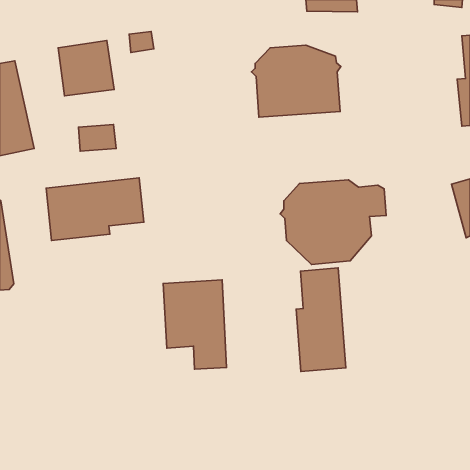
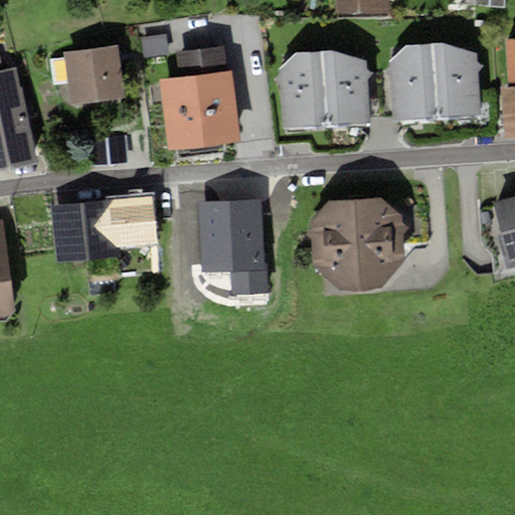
building: none -> [384,42,483,121]
building: none -> [157,45,240,151]
building: [296,268,346,371] -> none
building: [163,280,227,369] -> [197,196,267,294]

